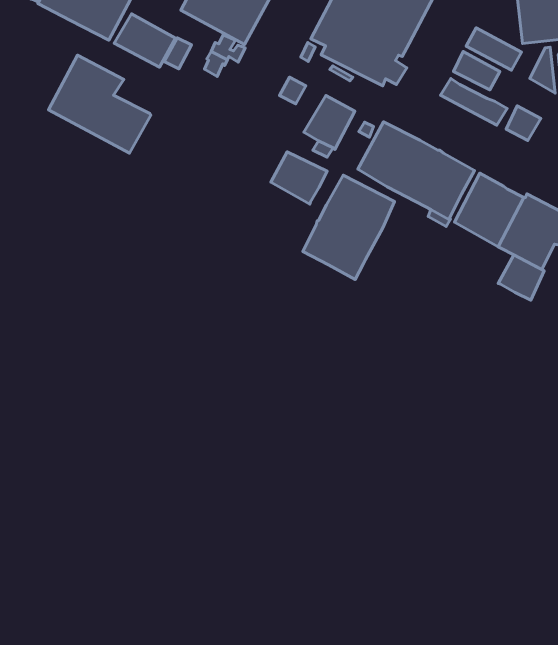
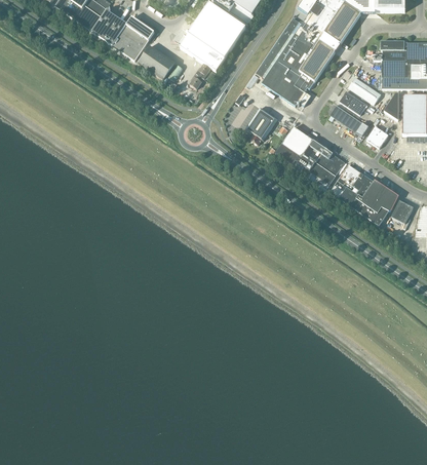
building: [49,55,151,153] -> none
building: [271,152,327,204] -> none
building: [303,175,394,280] -> none
building: [498,255,544,300] -> none

